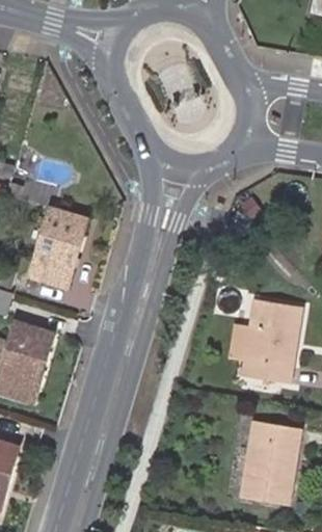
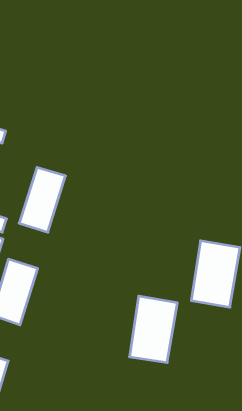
building: [241,419,300,501] -> [129,296,177,363]

